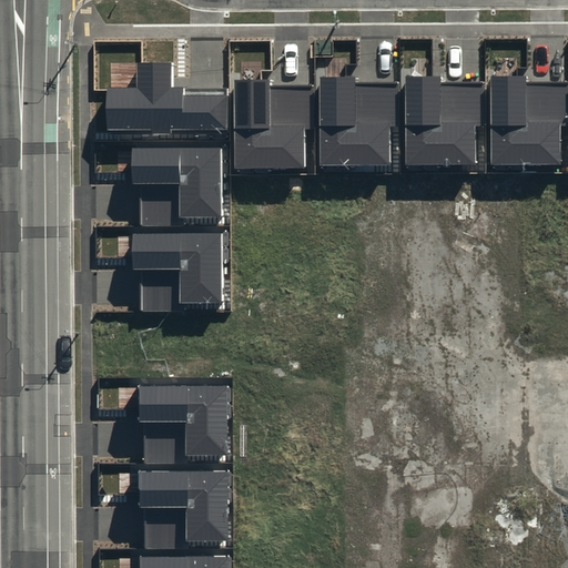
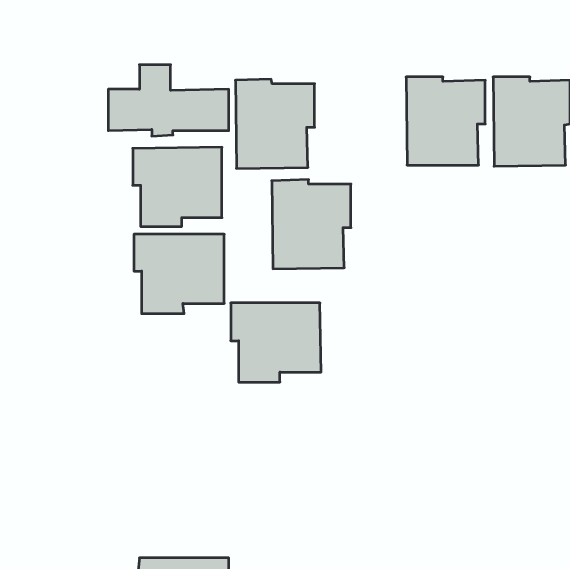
building: [318,78,397,166] -> [272,180,351,269]
building: [139,386,229,465] -> [231,303,321,382]
building: [139,471,229,550] -> none

